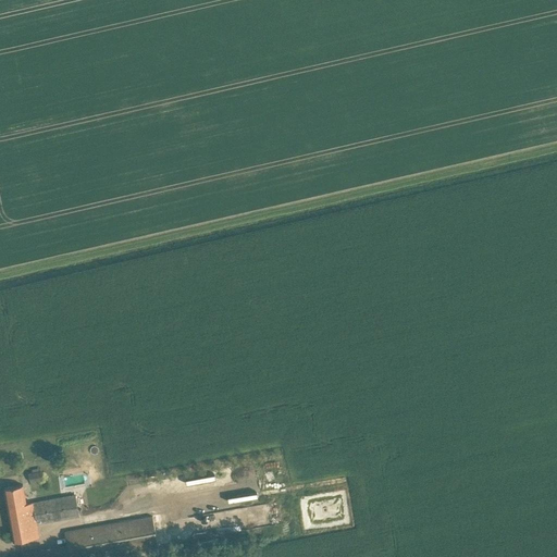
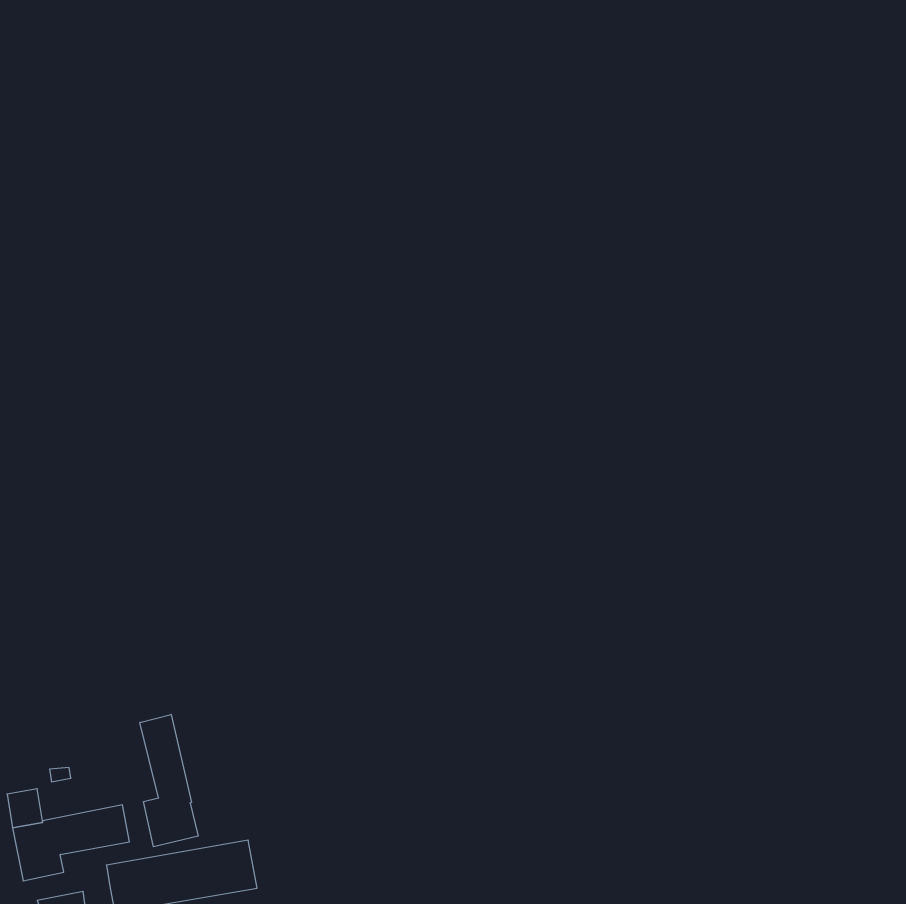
building: none -> [140,714,198,847]

